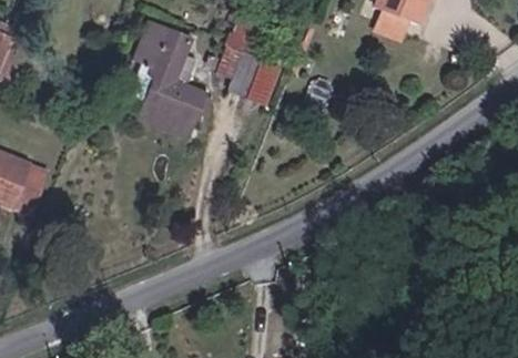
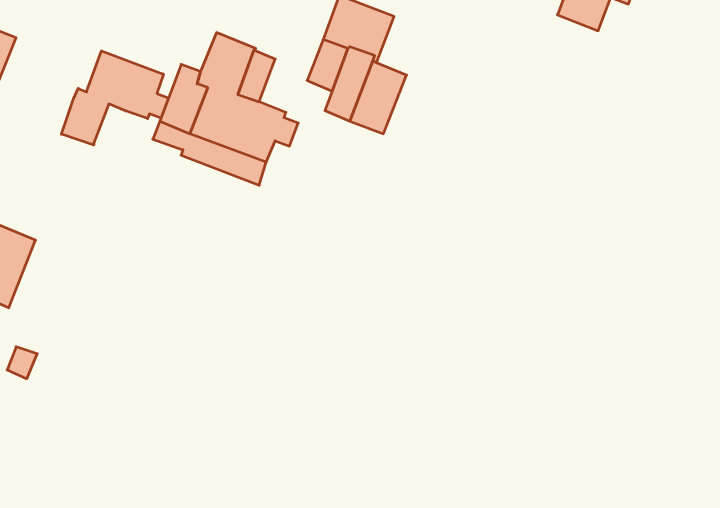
building: none -> [61,51,168,145]

